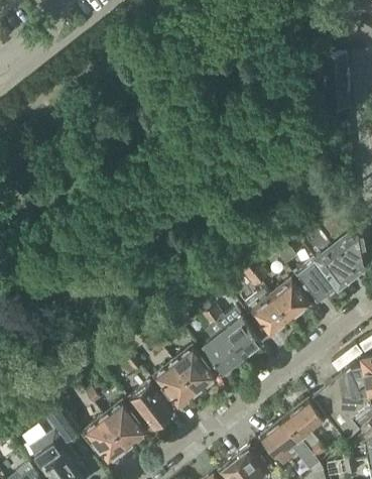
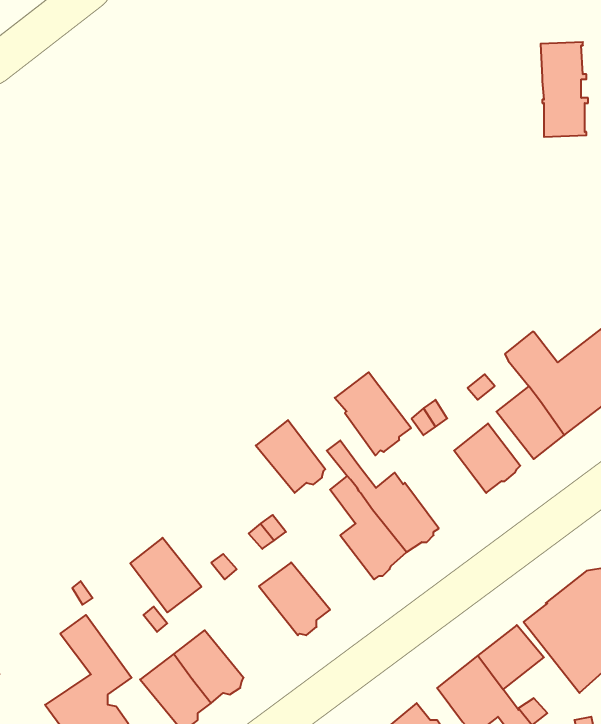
building: [245,288,290,338] -> [335,372,411,455]
building: [174,348,216,391] -> [256,420,325,493]
building: [130,384,172,429] -> [130,538,201,612]

